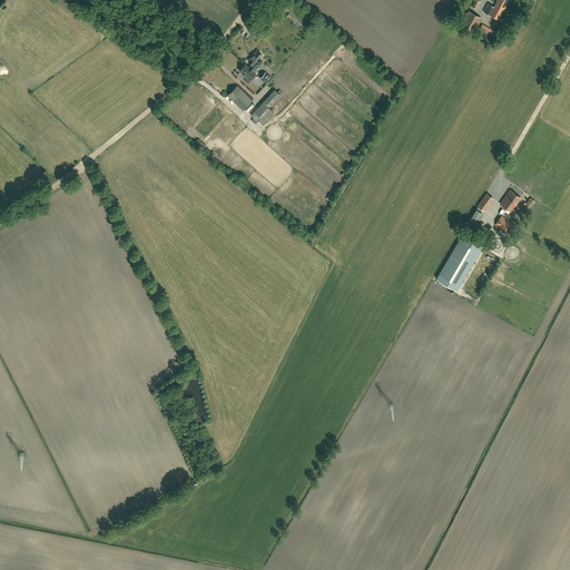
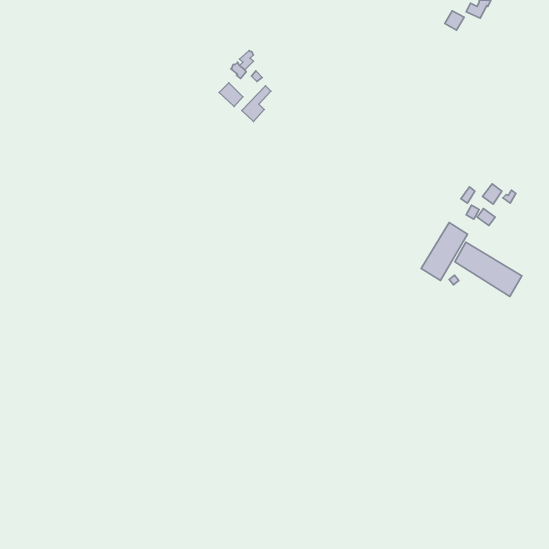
building: none -> [455,242,522,296]

